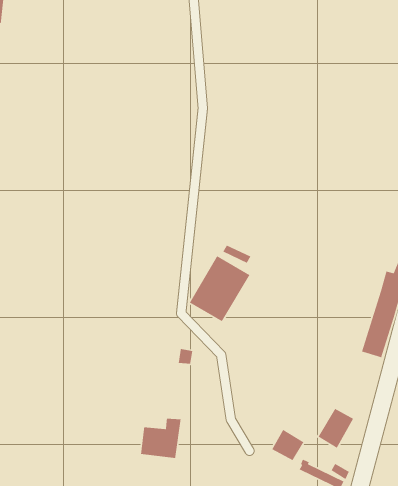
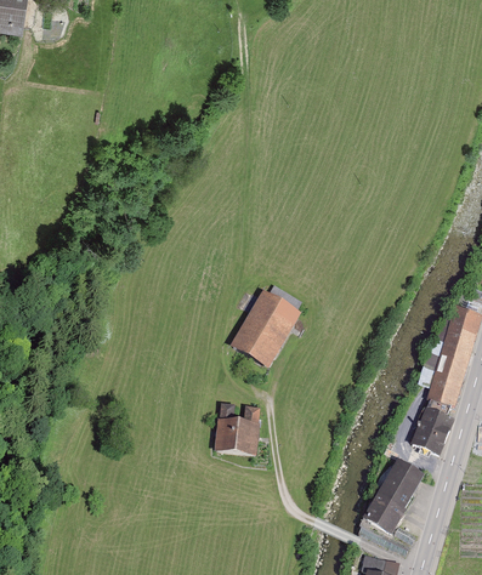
building: none -> [410,400,452,454]
building: [140,418,181,459] -> [216,408,262,454]
building: [271,429,305,461] -> [364,495,402,531]

